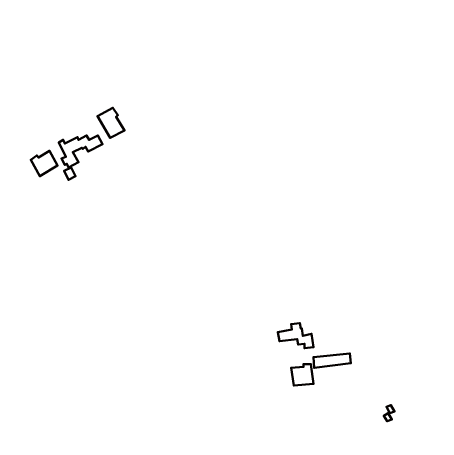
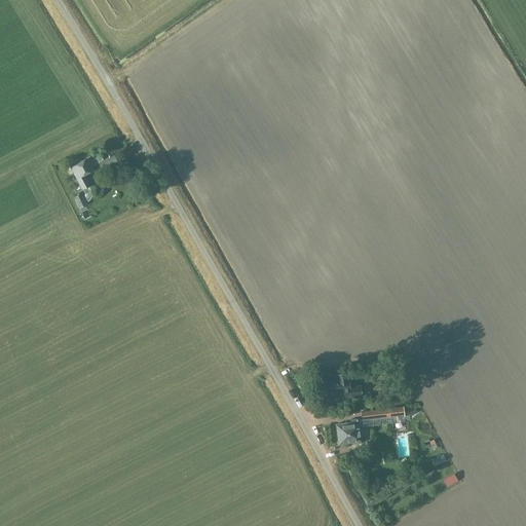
building: [97,108,124,138] -> none
building: [31,151,57,176] -> none

